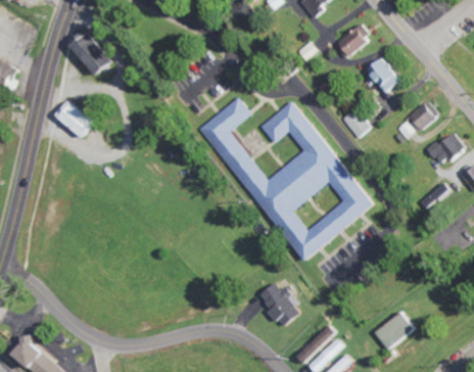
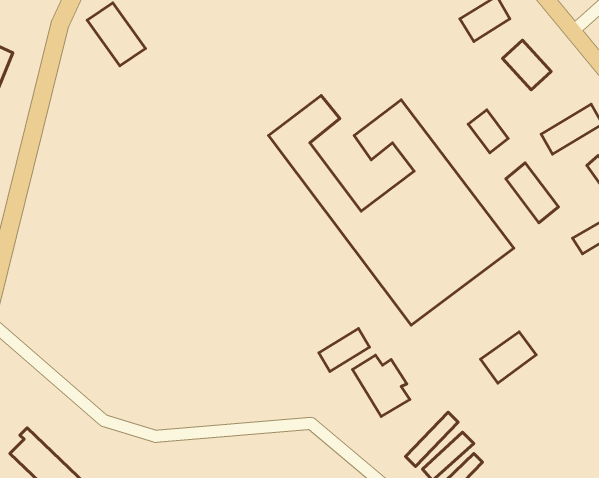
building: [53,100,94,136] -> none
building: none -> [506,163,559,223]
building: none -> [319,329,369,371]
building: [373,311,413,347] -> [481,332,536,383]

